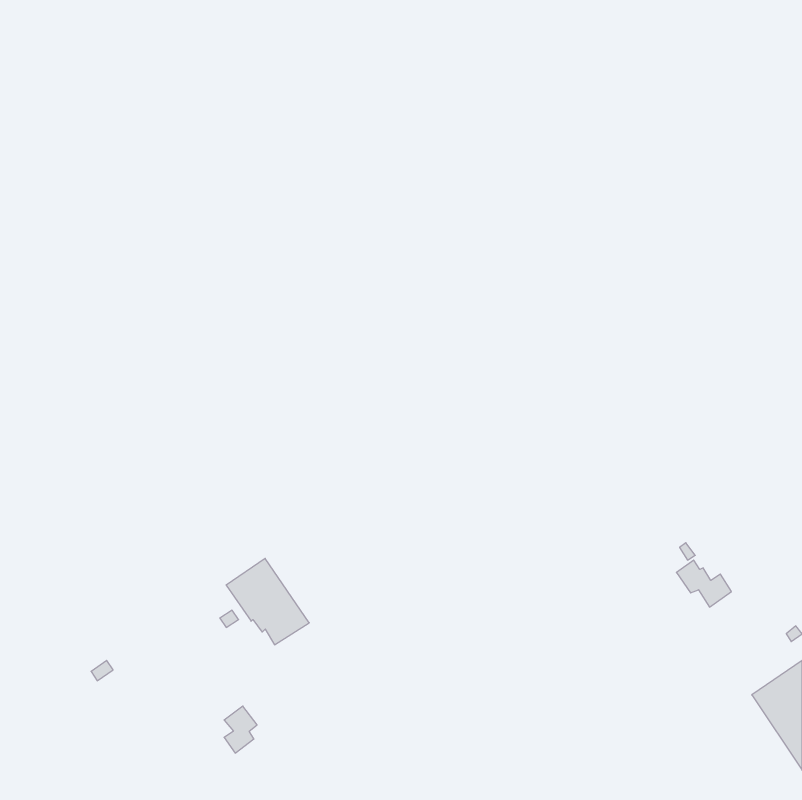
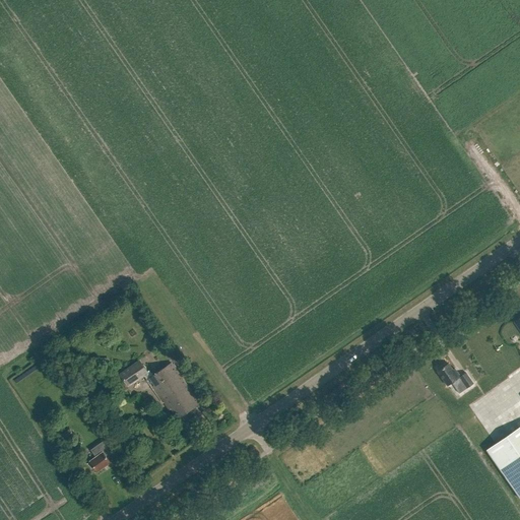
building: none -> [119,361,149,388]
building: [224,706,257,753] -> [90,440,112,470]

